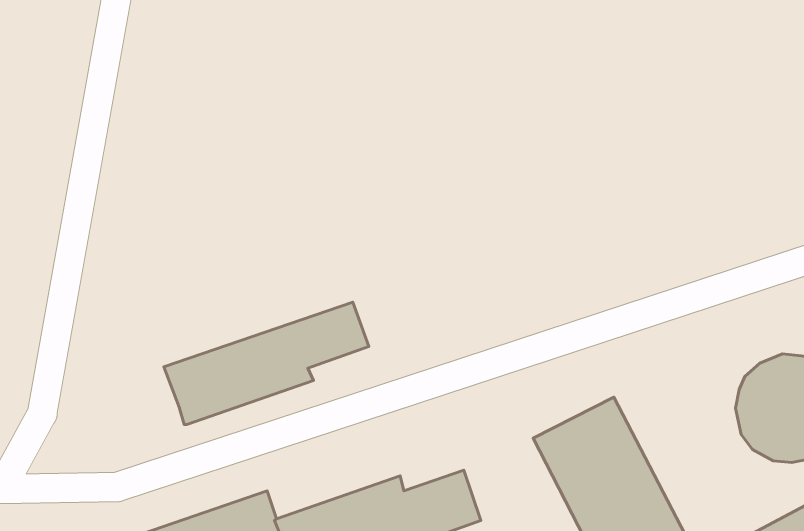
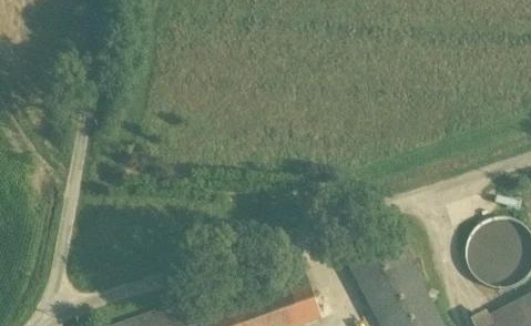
building: [164,302,369,425] -> none

